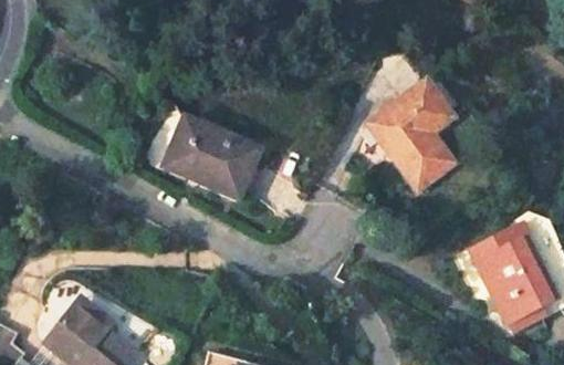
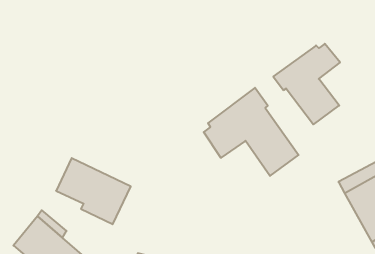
building: [165,114,261,199] -> [56,158,131,224]
building: none -> [204,88,299,176]

